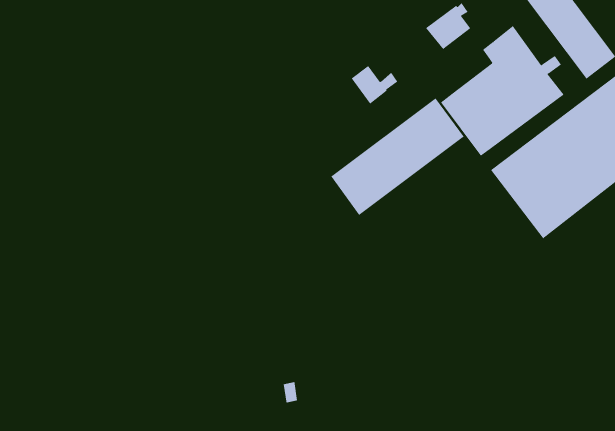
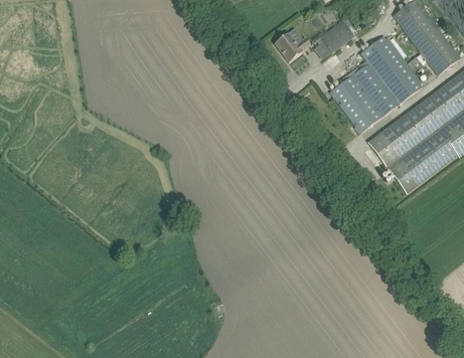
building: [351,65,398,104] -> [275,32,310,61]
building: [330,97,464,216] -> none

